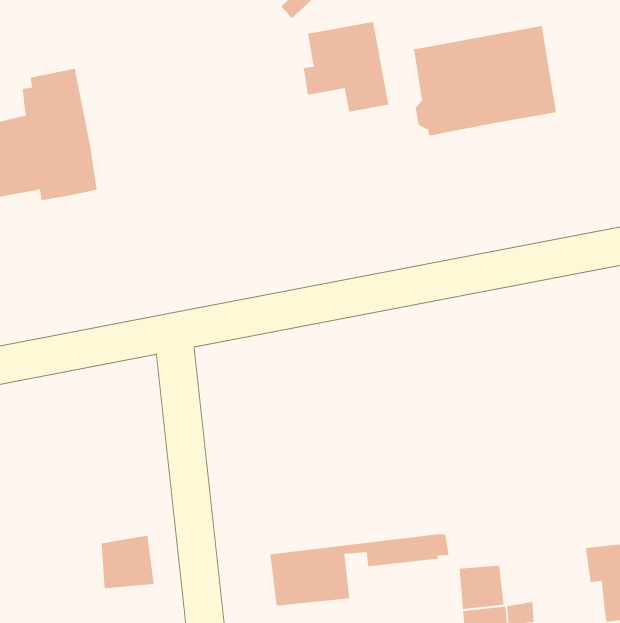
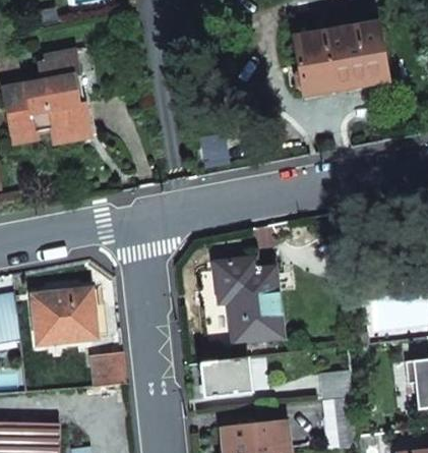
building: [303,21,389,113] -> none
building: none -> [213,258,283,343]
building: none -> [34,289,96,343]

